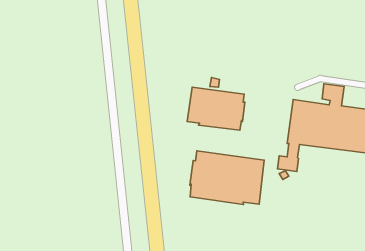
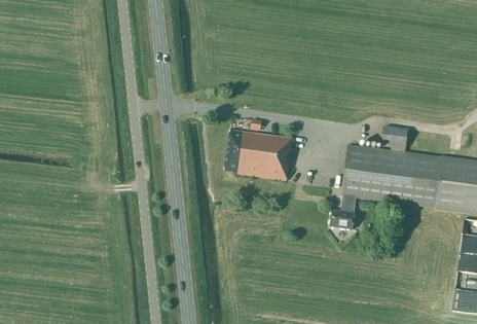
building: [190,151,264,205] -> none

